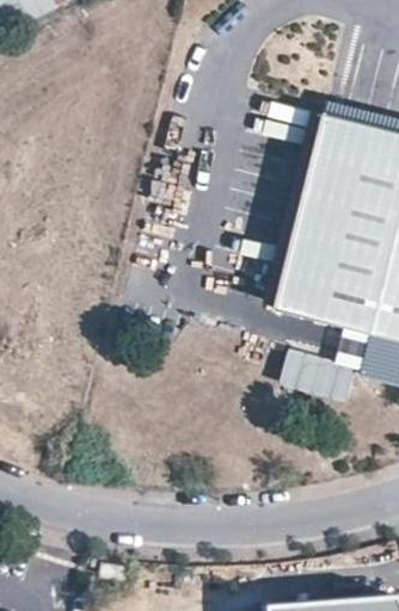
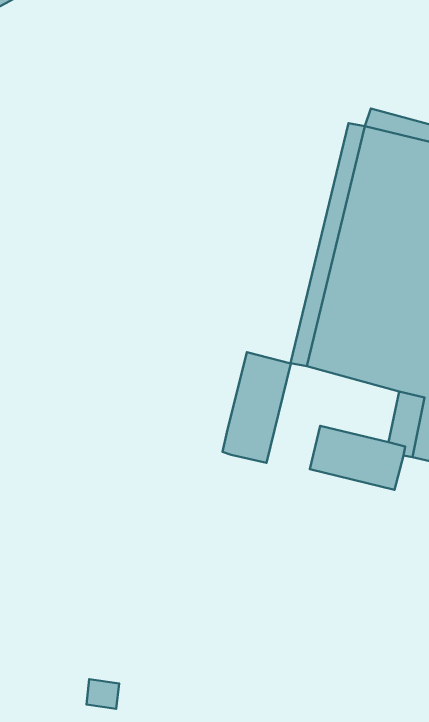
building: none -> [222,352,291,463]

